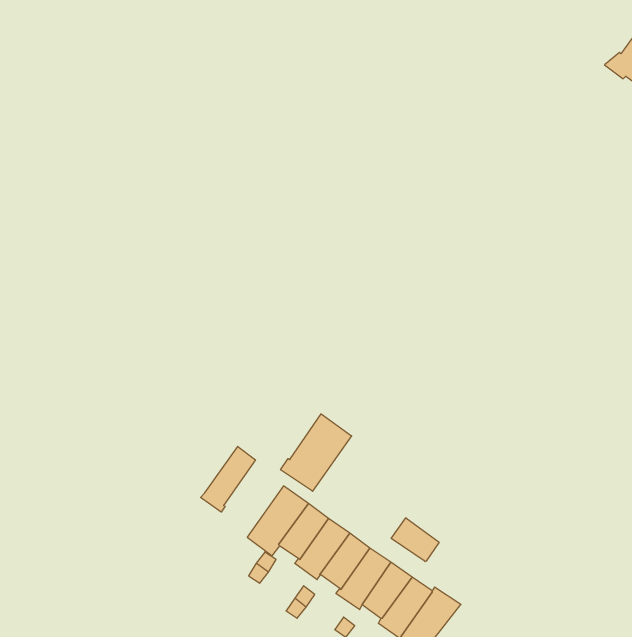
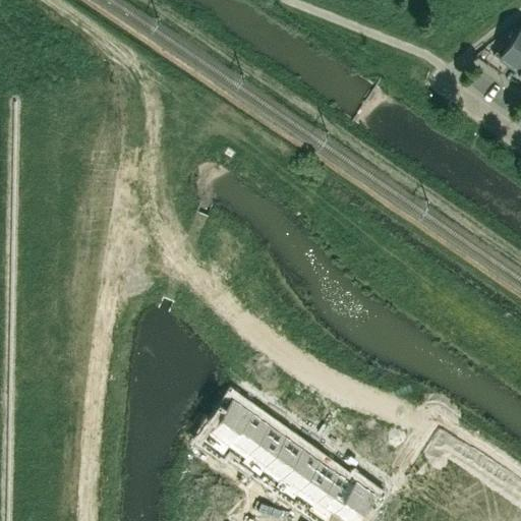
building: [281,414,352,491] -> none
building: [201,446,255,512] -> none
building: [391,518,439,562] -> none

